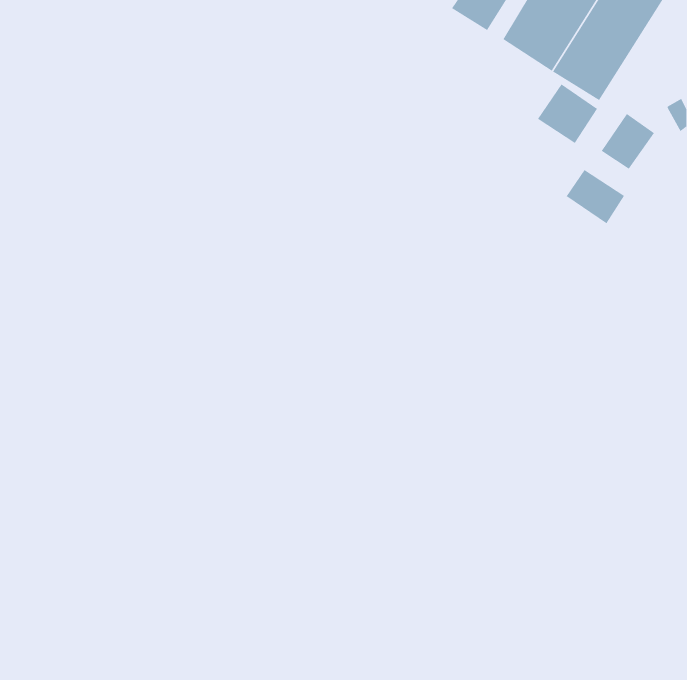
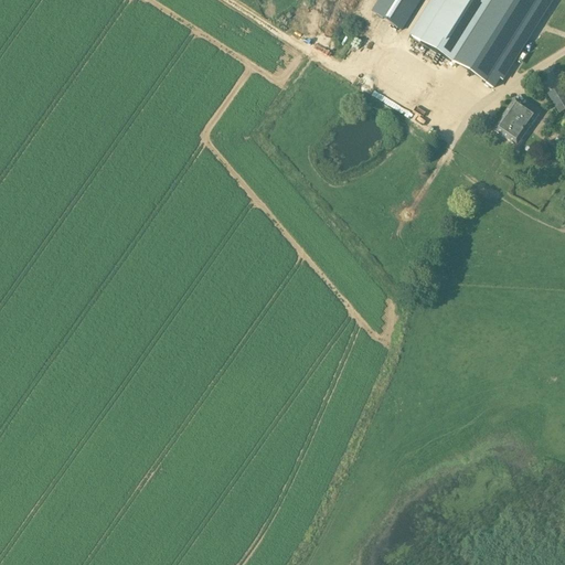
building: [537,84,598,144] -> none
building: [566,169,625,224] -> none

